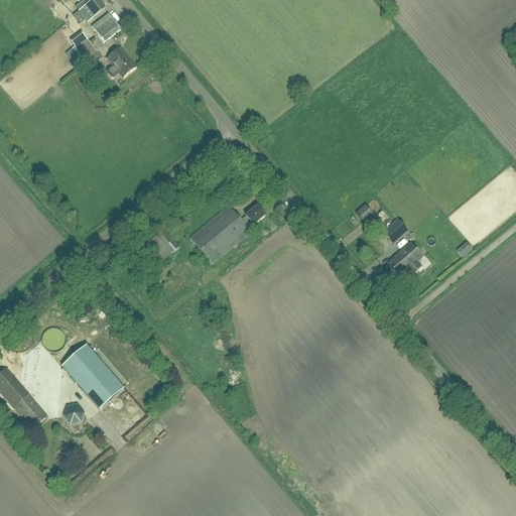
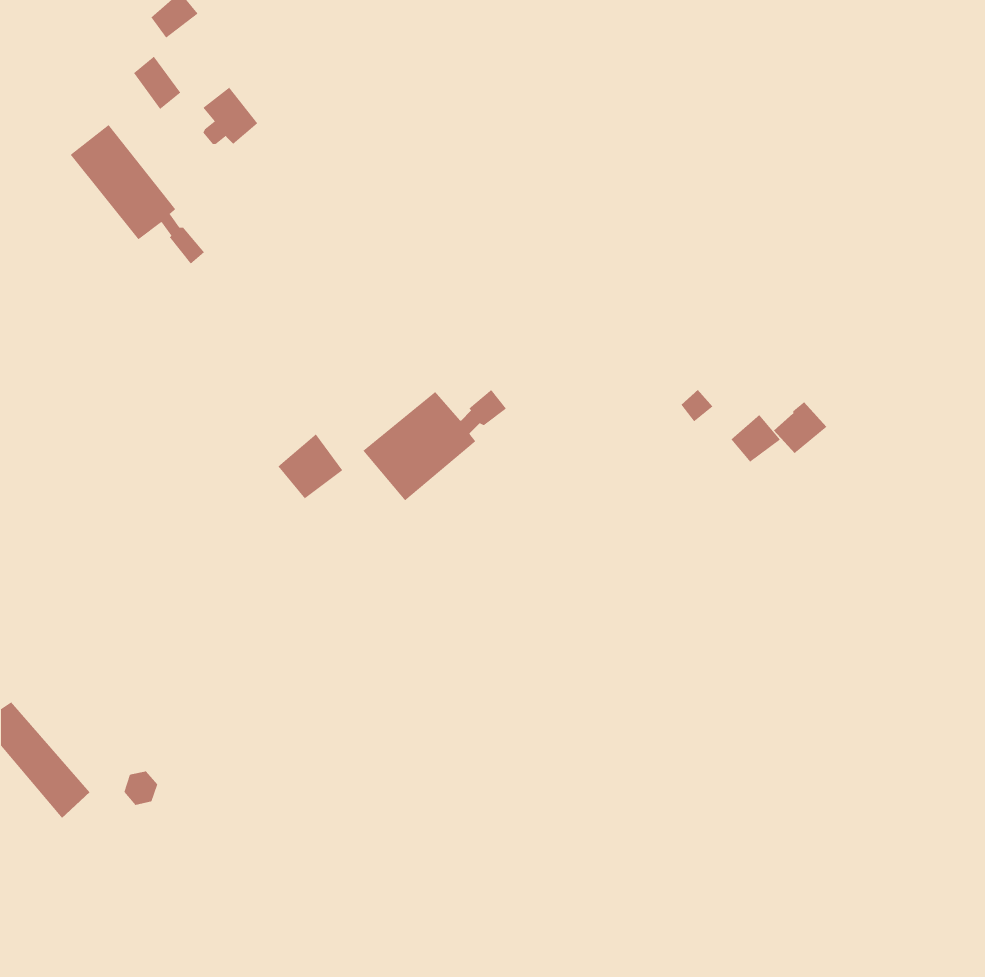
building: [91,12,120,40] -> none
building: none -> [70,124,205,264]
building: [387,247,415,274] -> [773,402,827,454]
building: [61,344,123,408] -> none

